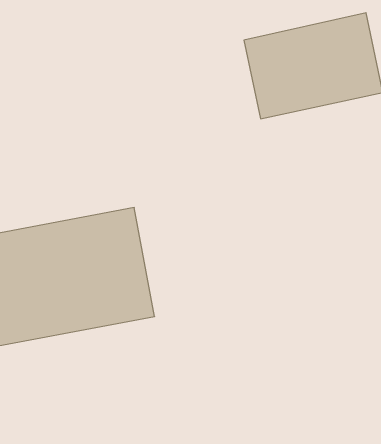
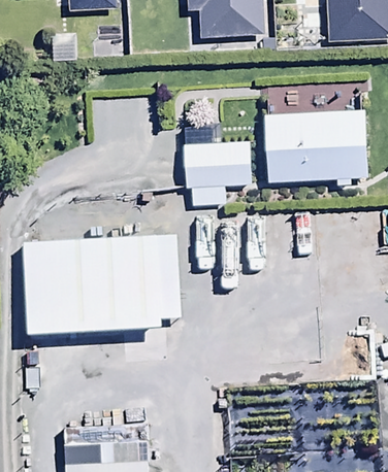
building: none -> [186,139,255,184]

